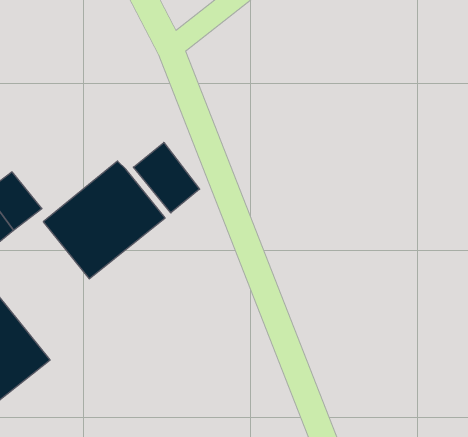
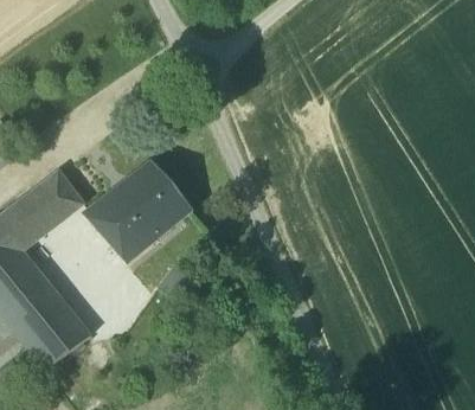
building: [133,142,200,213] -> none

